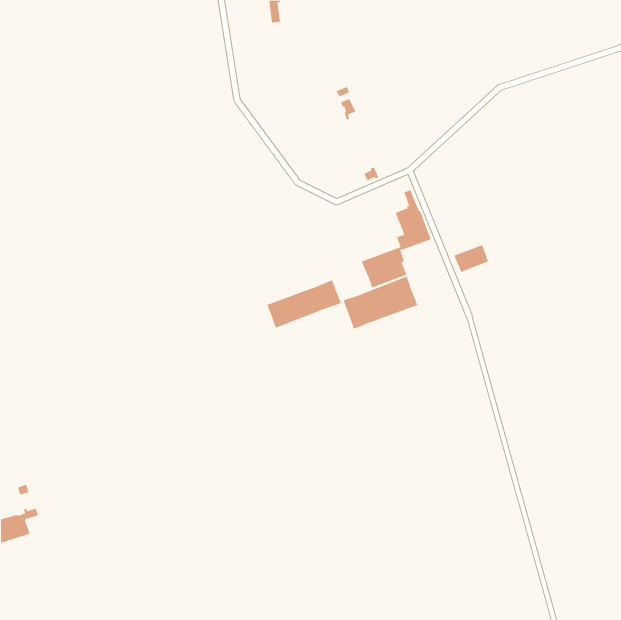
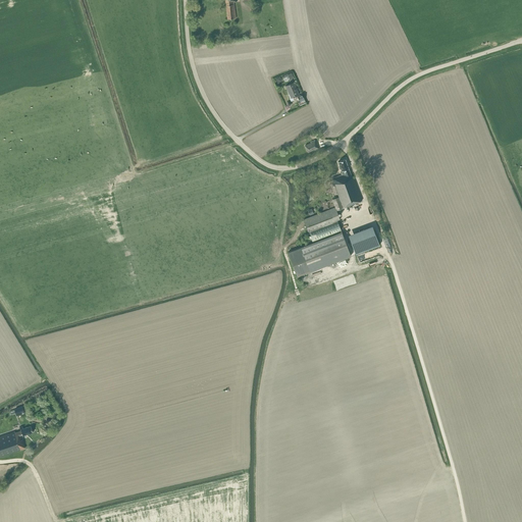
building: [454,244,489,272] -> [350,231,379,255]
building: [266,280,341,328] -> none

